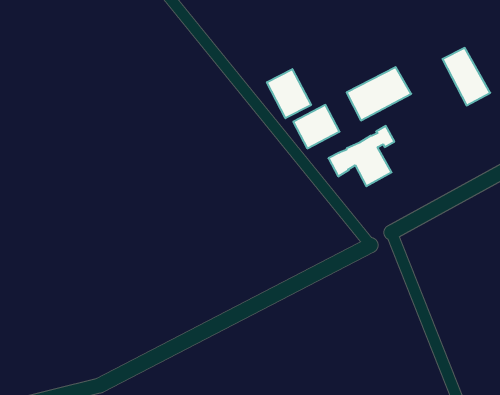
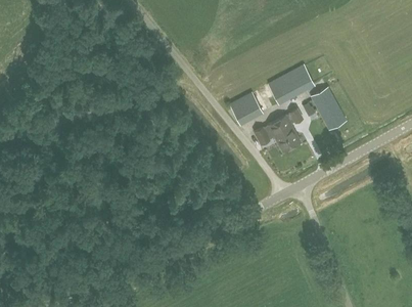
building: [442,48,490,105] -> [311,88,346,130]
building: [267,69,311,118] -> none

